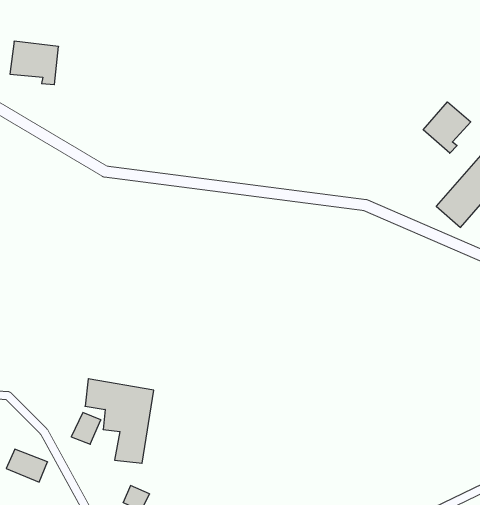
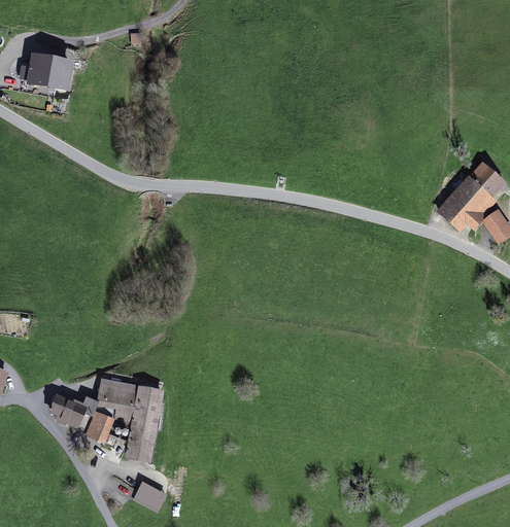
building: [423,102,471,153] -> none
building: [6,449,48,482] -> [46,397,87,429]

